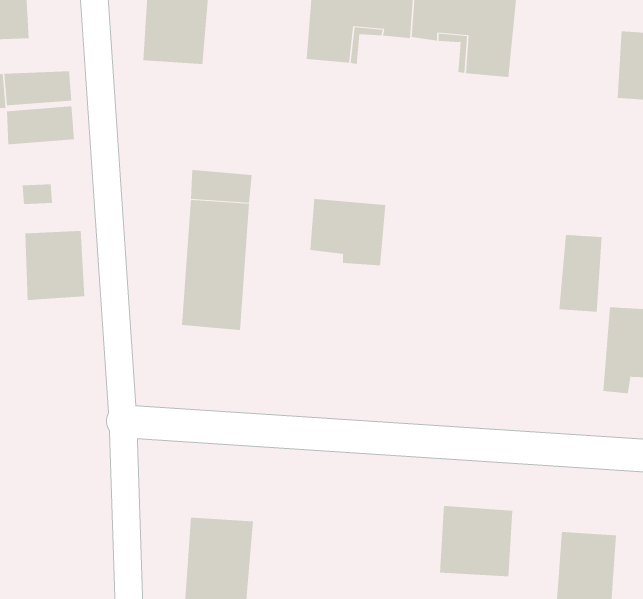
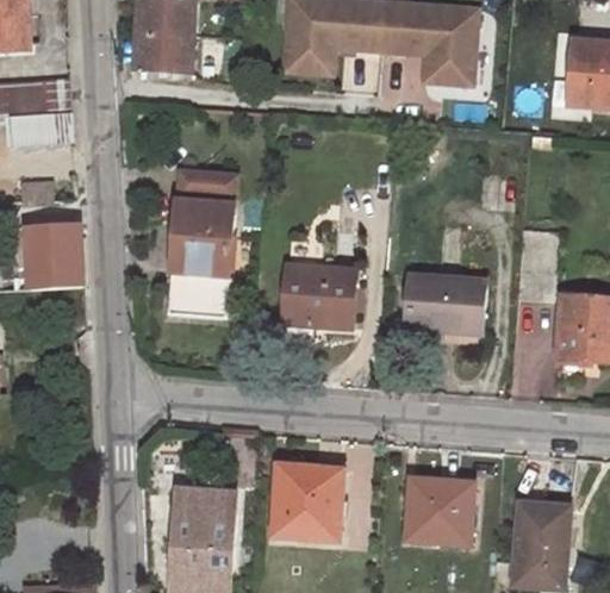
building: [310,198,386,266] -> [285,264,355,326]
building: none -> [406,274,485,332]
building: none -> [274,464,344,541]

